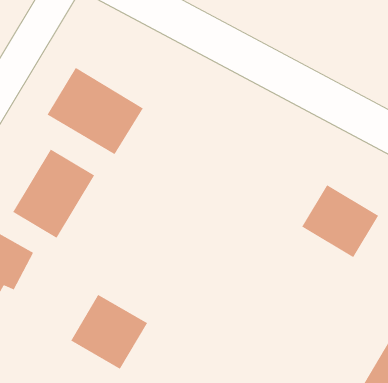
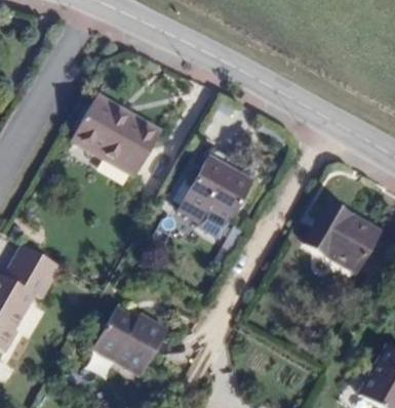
building: none -> [177,155,252,234]
building: [12,149,95,239] -> none

